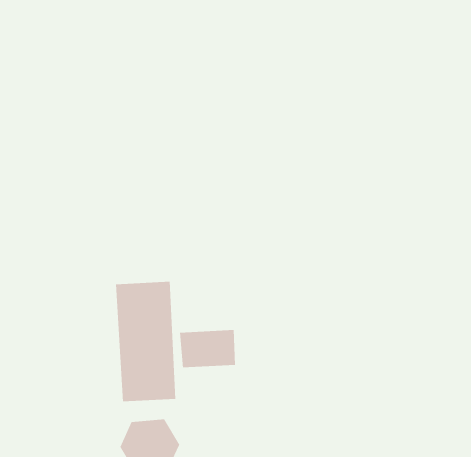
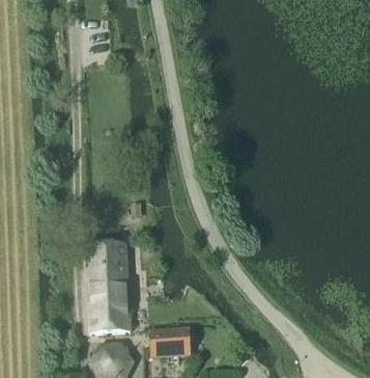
building: [179,330,236,368] -> [148,328,190,356]

